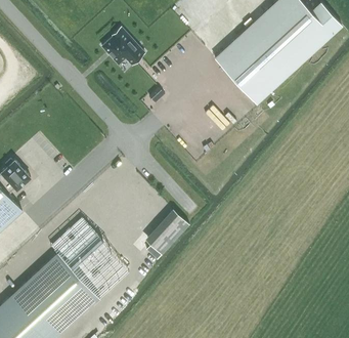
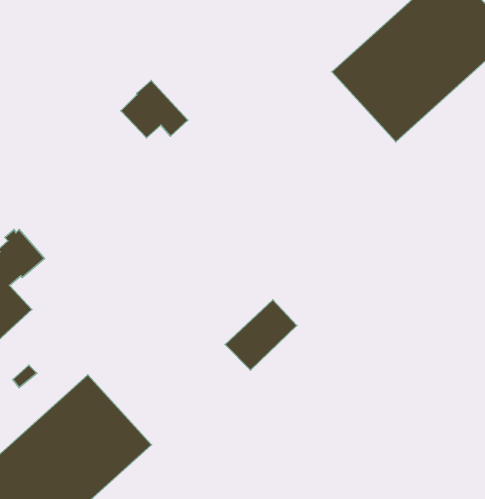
building: [102,28,145,65] -> [121,80,188,138]
building: [51,218,129,298] -> none

